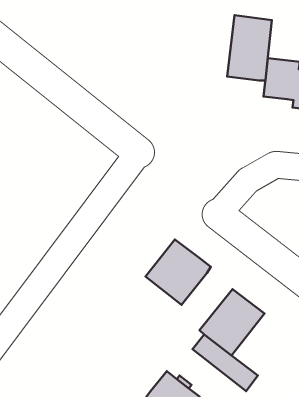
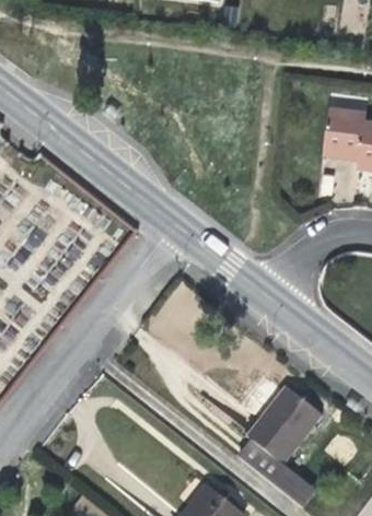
building: [227,15,272,81] -> none
building: [145,239,211,305] -> none

